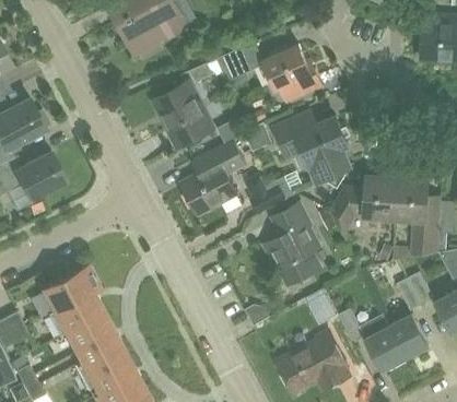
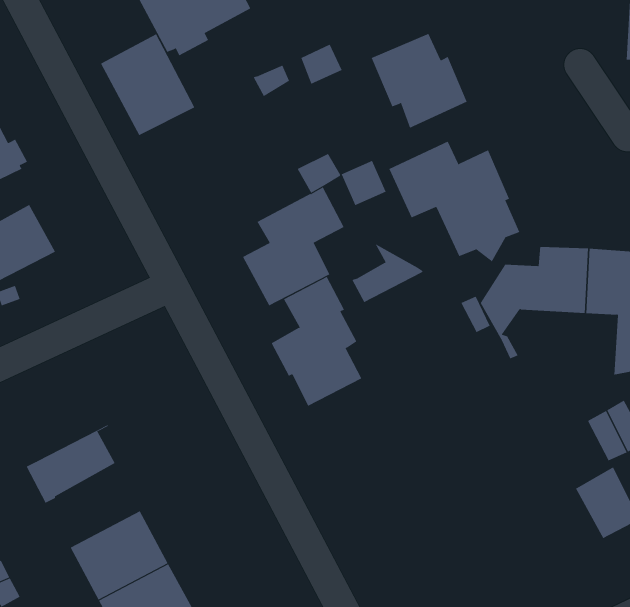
building: [153,83,212,146] -> [100,34,195,136]
building: [263,204,320,285] -> [271,276,362,407]
building: [43,265,98,310] -> none
building: [338,309,406,371] -> none
building: [66,311,114,352] -> none
building: [276,332,348,393] -> none

